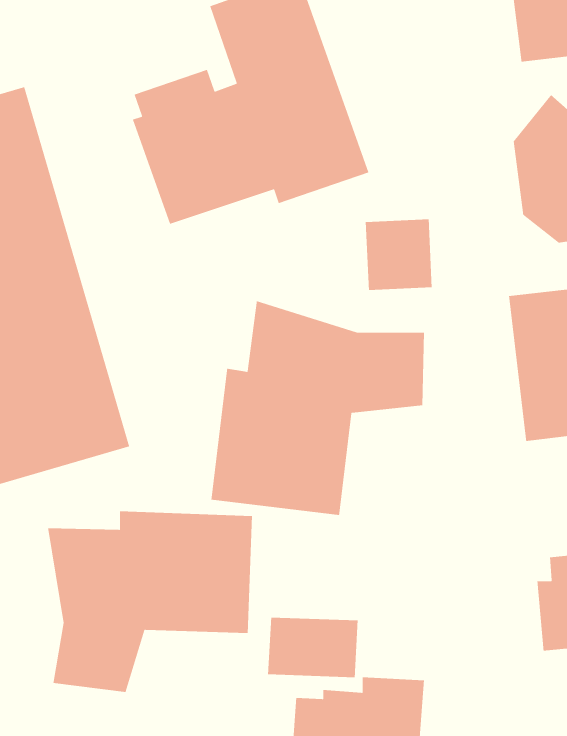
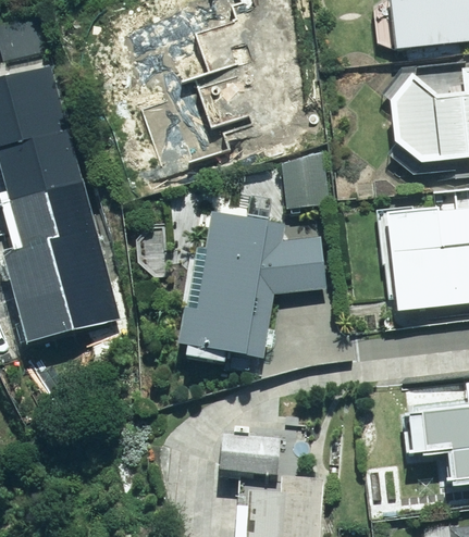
building: [47,510,253,693] -> none

